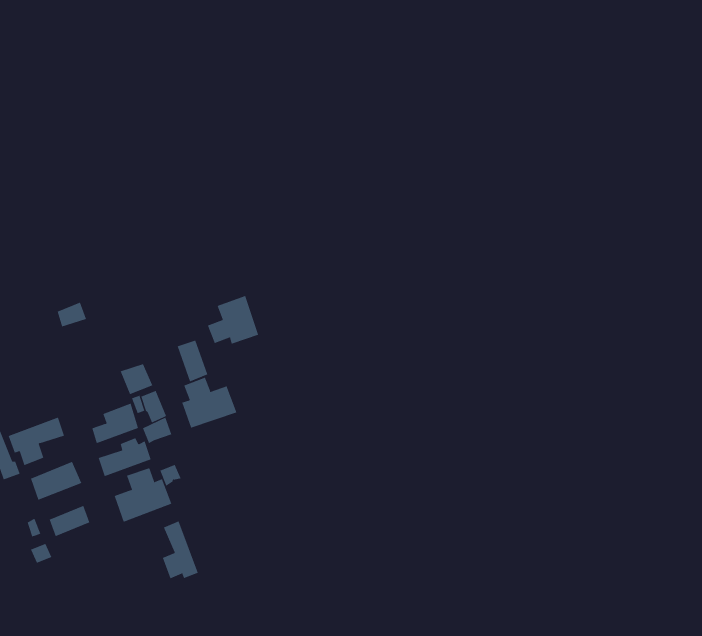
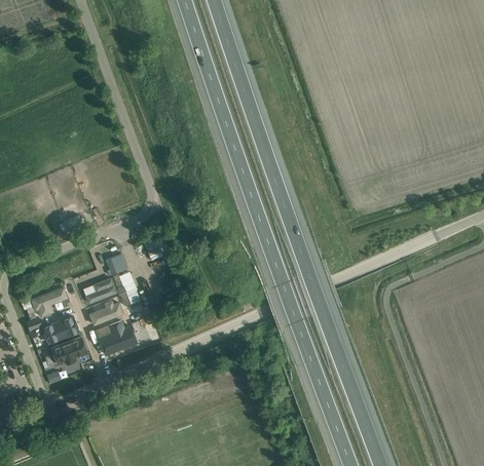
building: [207,295,259,345] -> none
building: [182,377,237,428] -> none
building: [162,521,199,579] -> none

